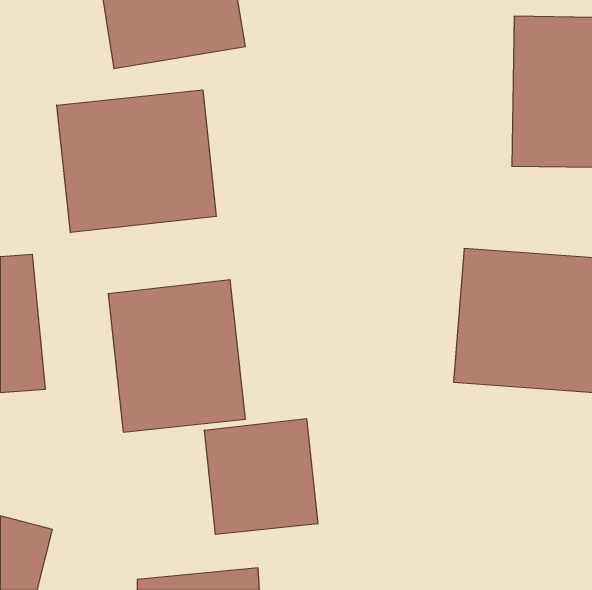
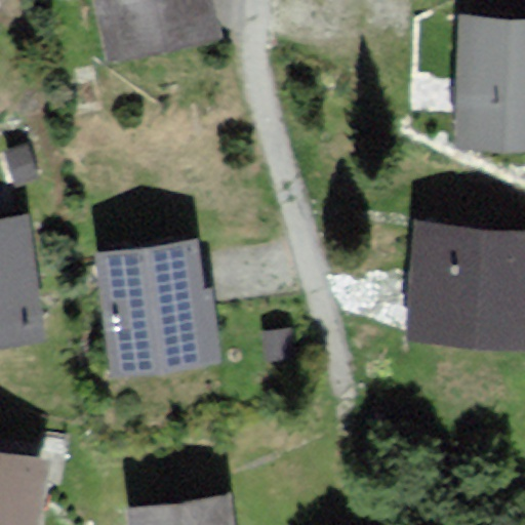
building: [57,90,216,233] -> none
building: [204,419,318,534] -> none

